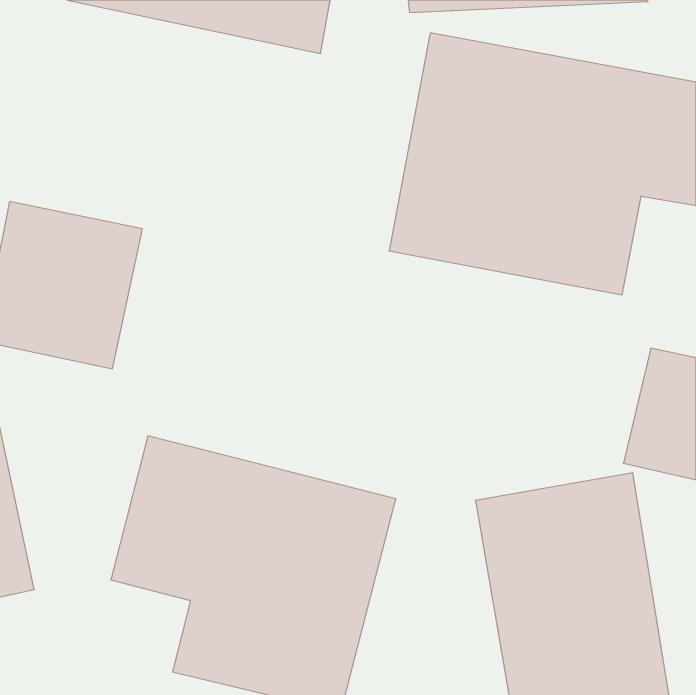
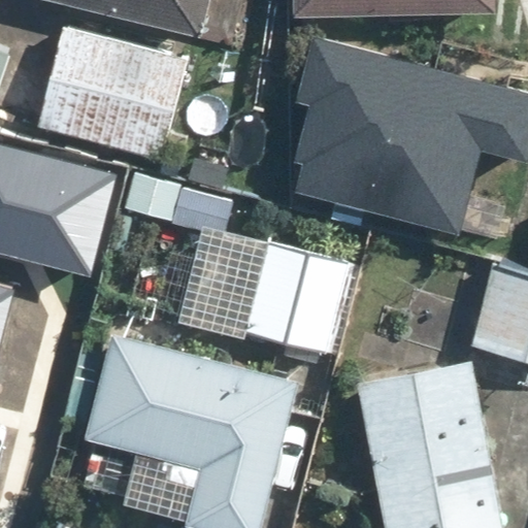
building: none -> [32,26,189,161]
building: none -> [124,174,359,357]

